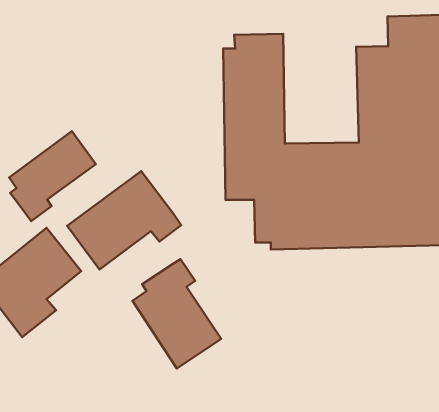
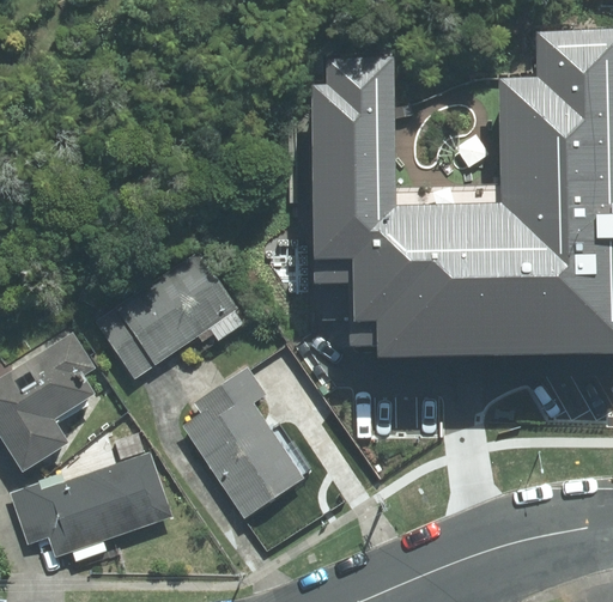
building: [9,131,96,221] -> none
building: none -> [11,427,172,563]

